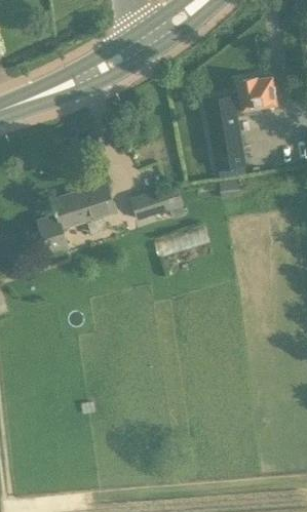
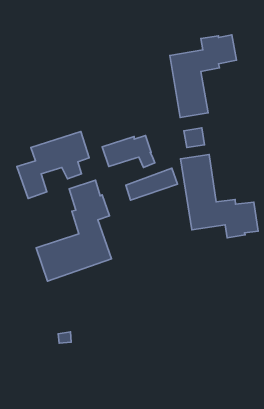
building: none -> [181,154,258,238]
building: none -> [36,180,111,281]

